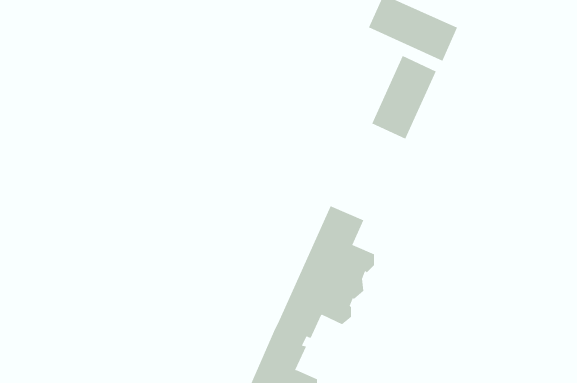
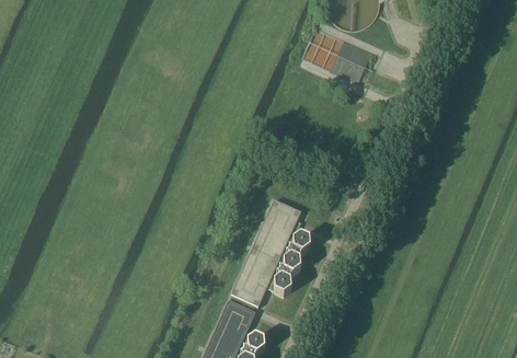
building: [371,55,437,140] -> none

